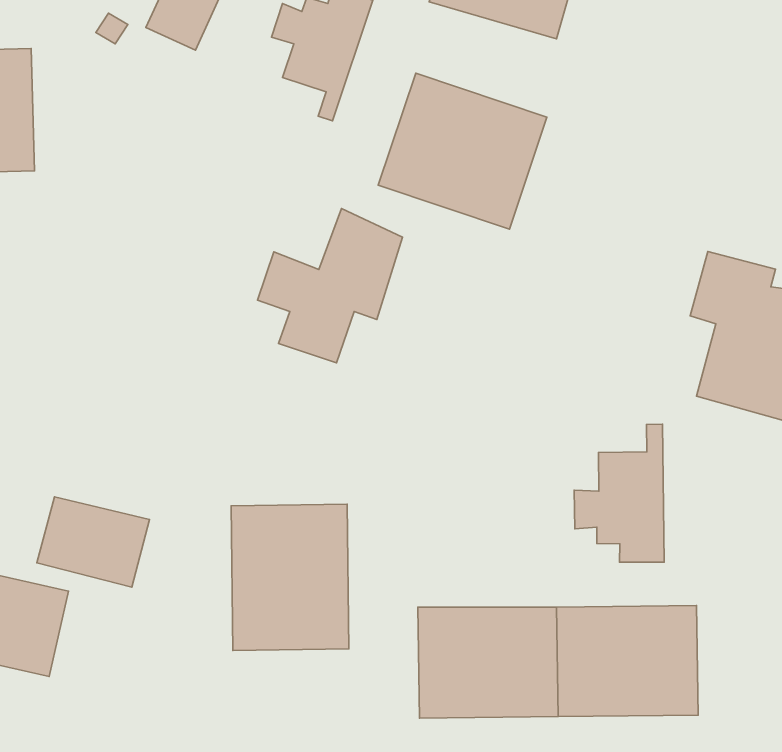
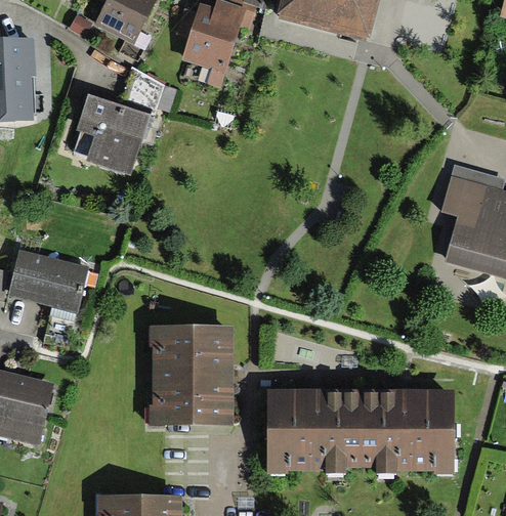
building: [378,73,547,229] -> none
building: [258,208,403,363] -> [79,72,171,170]
building: [574,424,664,562] -> none
building: [37,497,150,587] -> [12,254,84,311]

